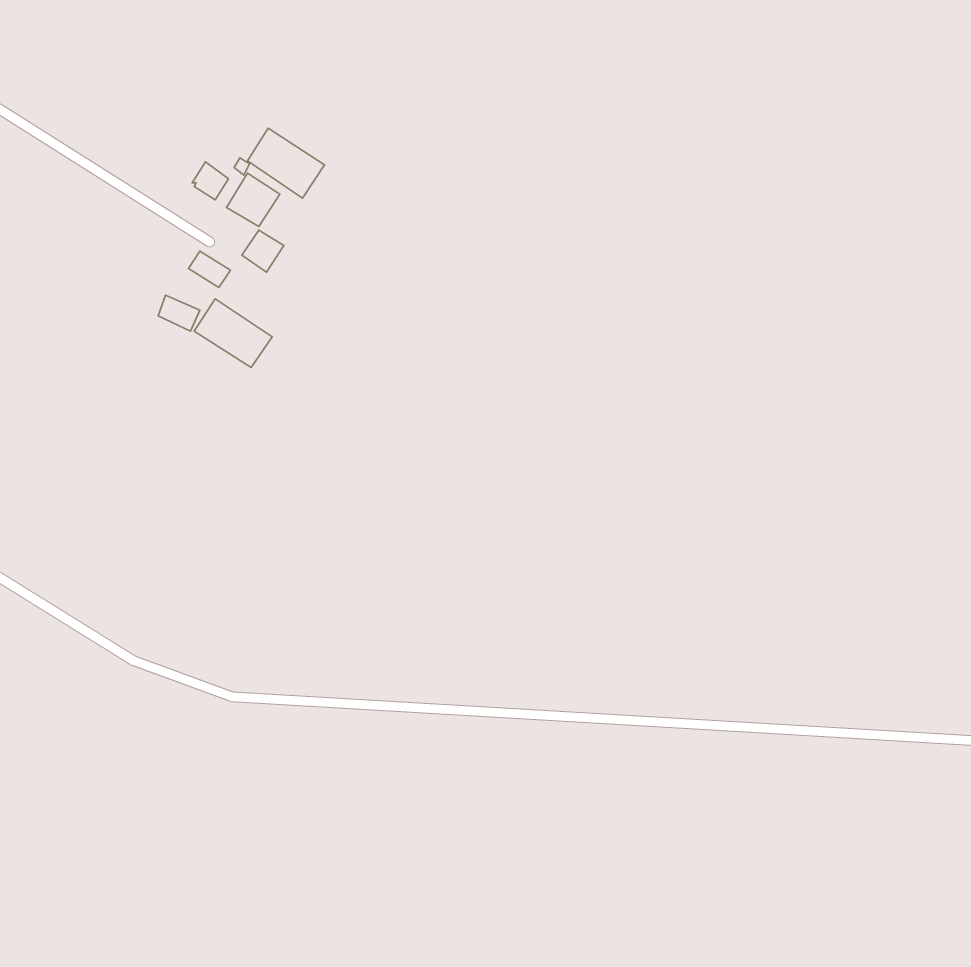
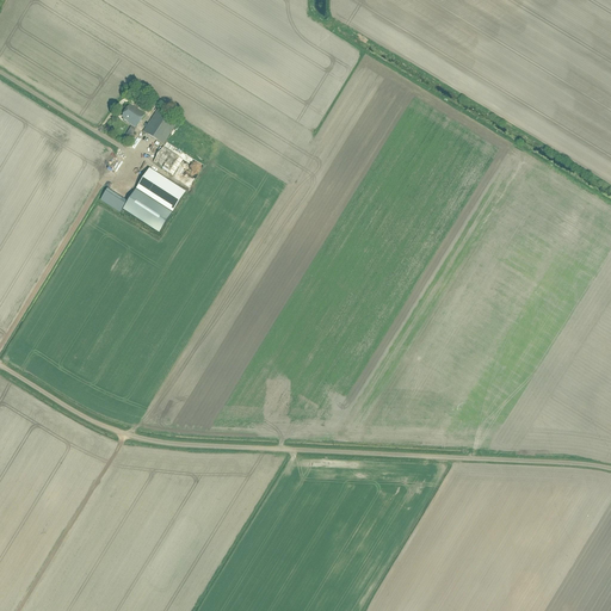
building: [248,128,325,198] -> none
building: none -> [136,167,185,211]

